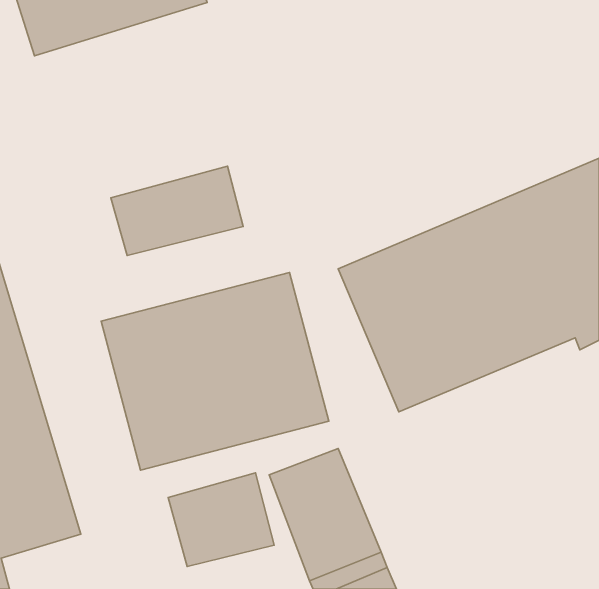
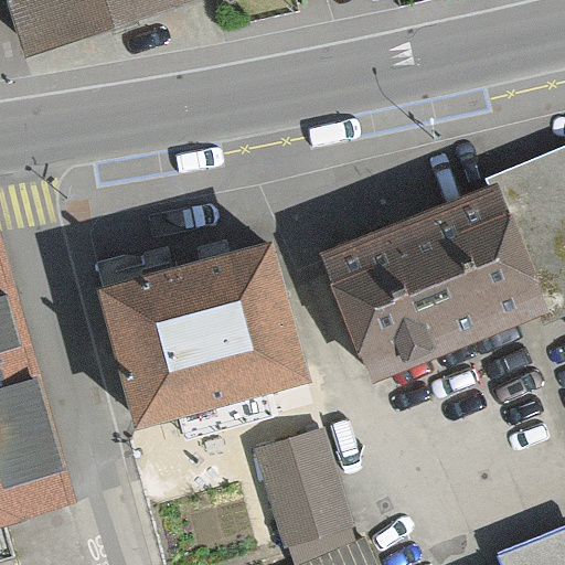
building: [111,166,243,255] -> none
building: [168,473,274,567] -> none

